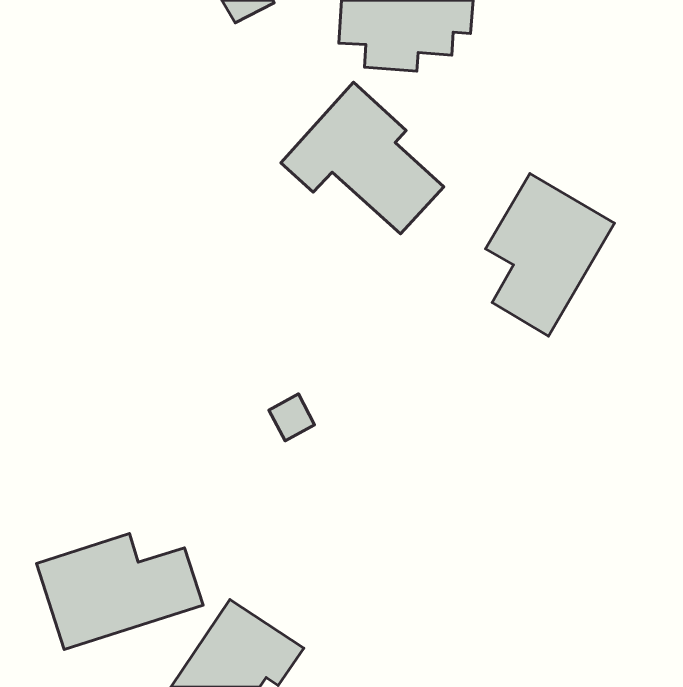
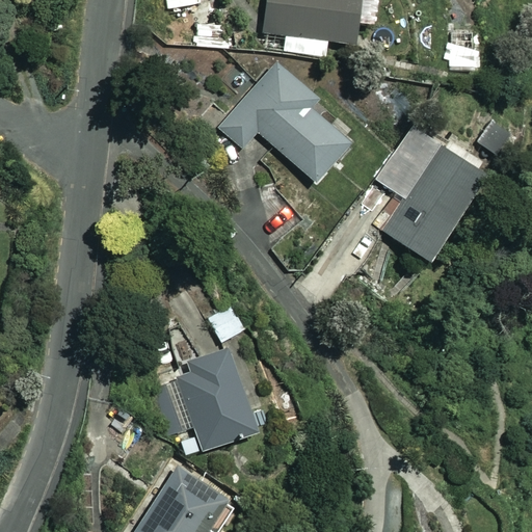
building: none -> [174,343,262,454]
building: [37,533,203,649] -> none

